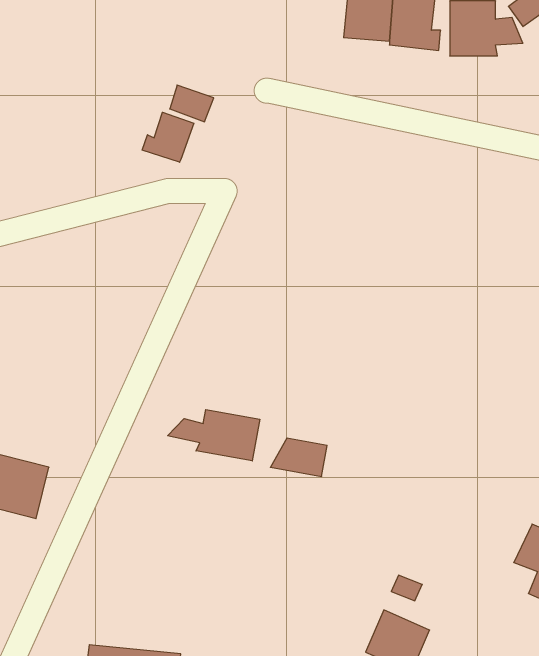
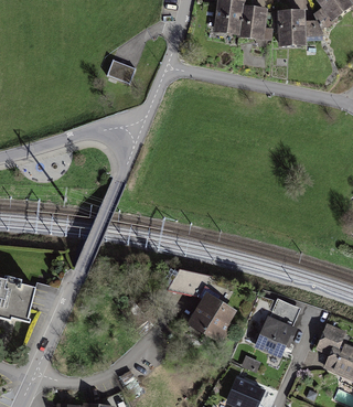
building: [142,112,194,162] -> none
building: [168,410,260,461] -> none
building: none -> [186,294,236,344]
building: none -> [255,300,300,358]

